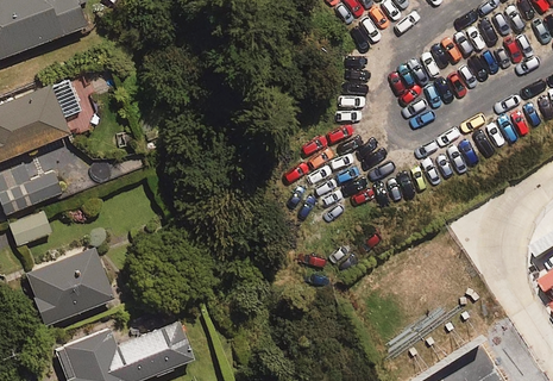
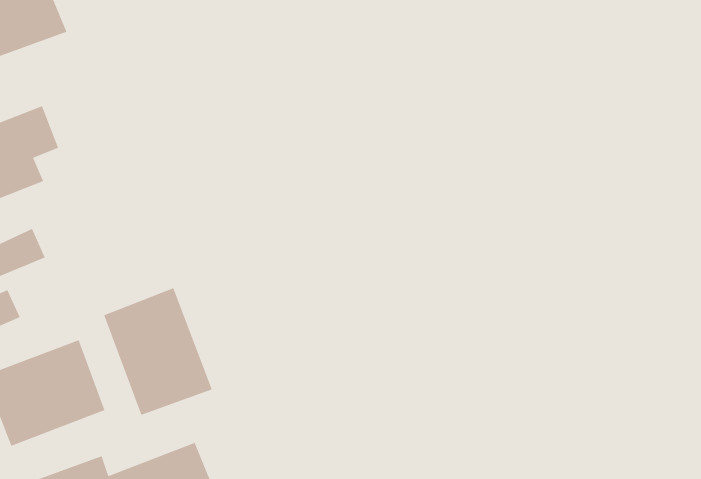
building: none -> [103,287,213,416]

